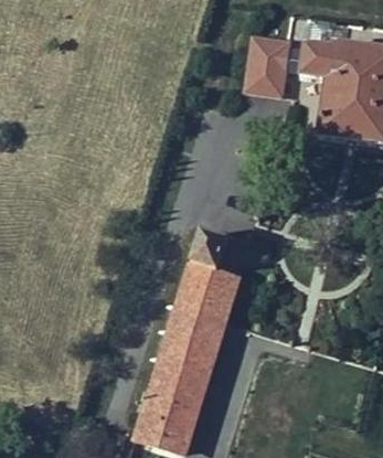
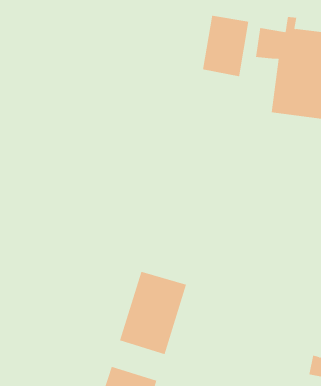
building: [175,224,240,321] -> none
building: [143,382,202,425] -> none

